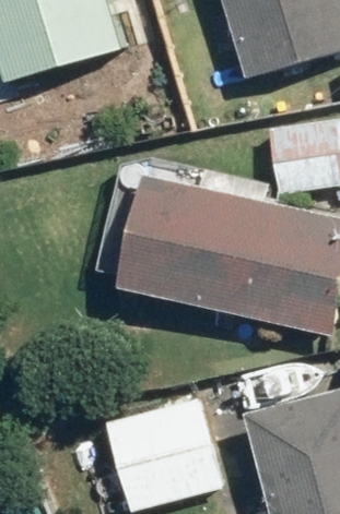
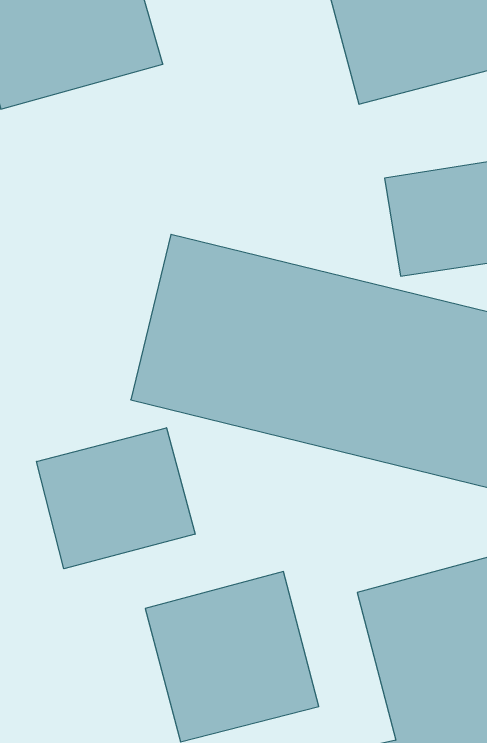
building: none -> [37,428,195,569]

